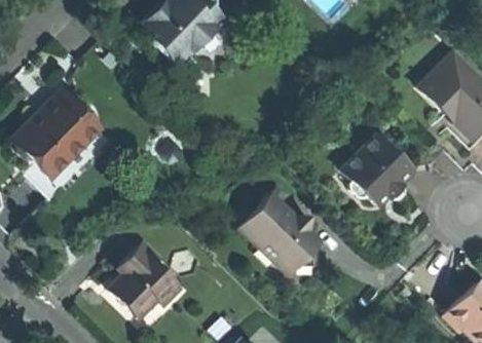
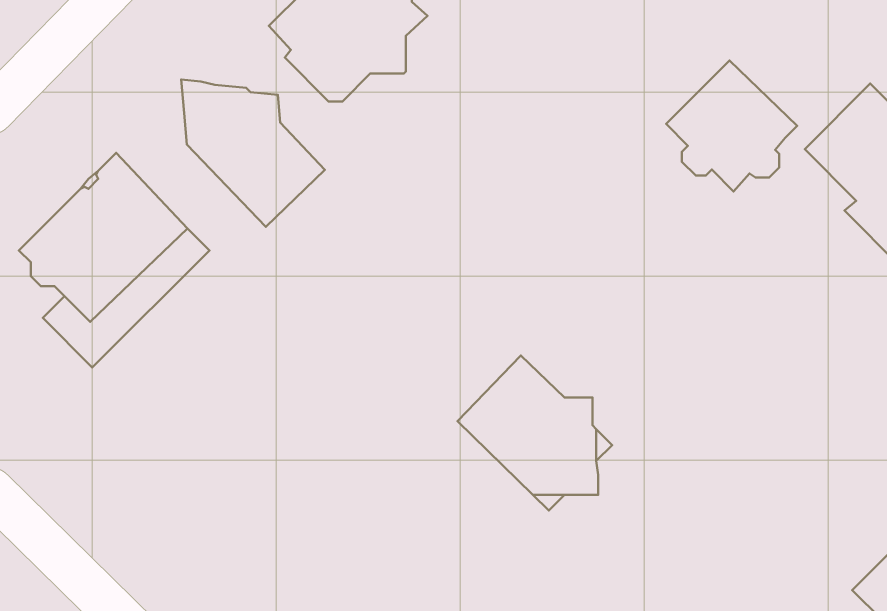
building: none -> [181,79,325,227]
building: [342,135,410,202] -> [666,60,797,191]
building: [110,240,182,316] -> none

